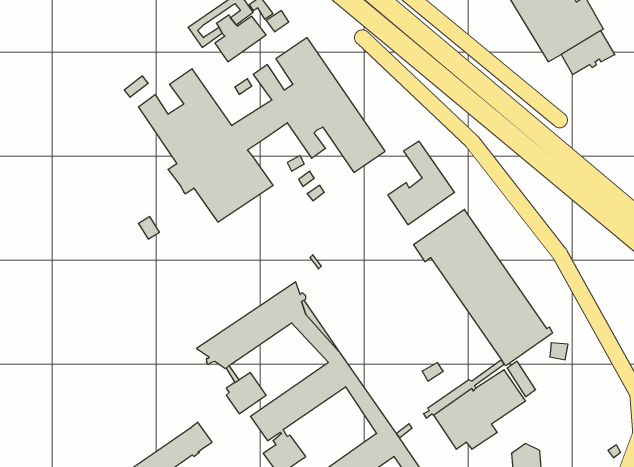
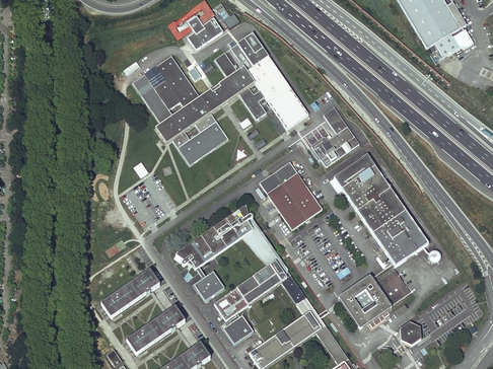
building: none -> [258,161,321,229]
building: none -> [102,270,159,316]

